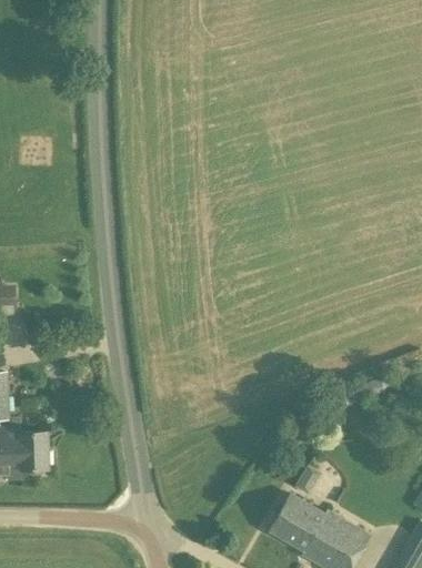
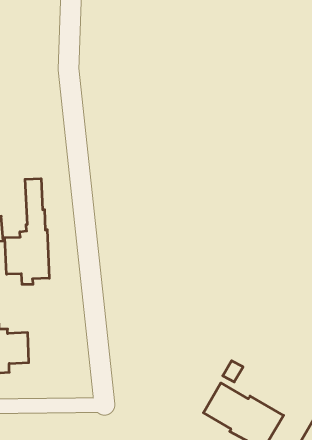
building: none -> [5,179,49,284]

